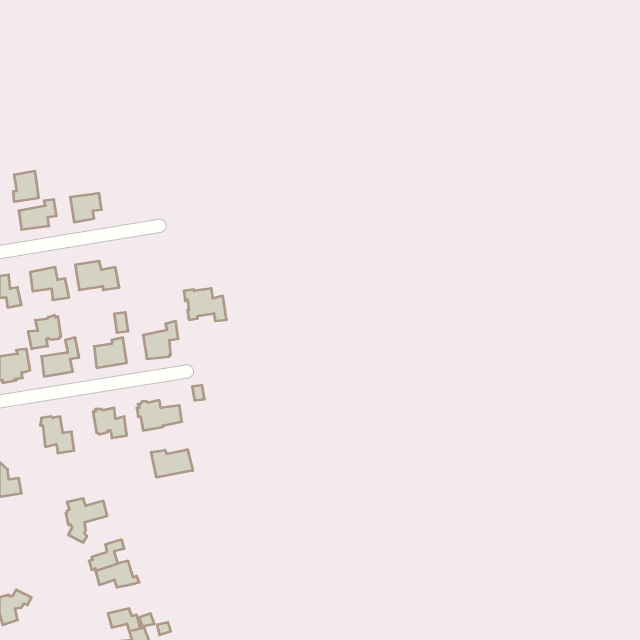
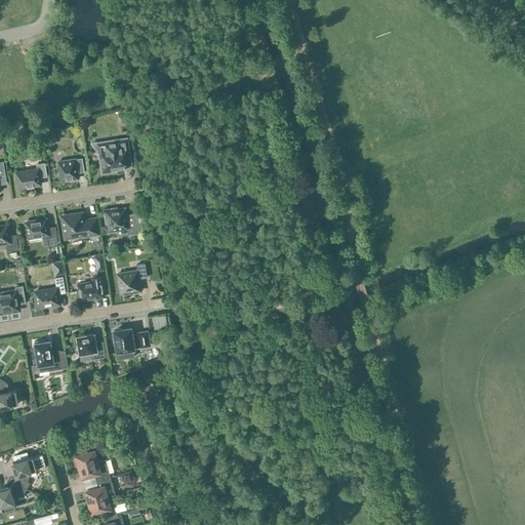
building: none -> [90,139,129,173]
building: [13,171,38,202] -> none
building: [184,288,227,321] -> [103,208,137,235]
building: [28,315,61,349] -> none
building: [151,449,193,477] -> none
building: [66,498,107,542] -> [11,453,45,489]
building: none -> [85,478,115,502]

